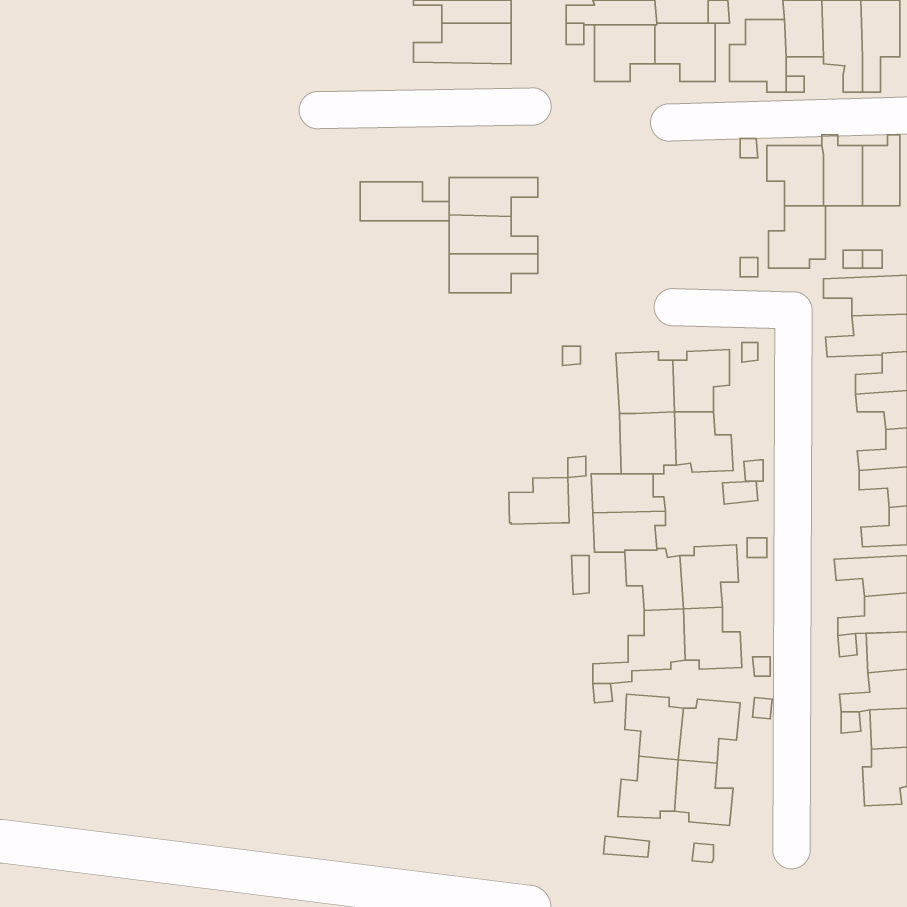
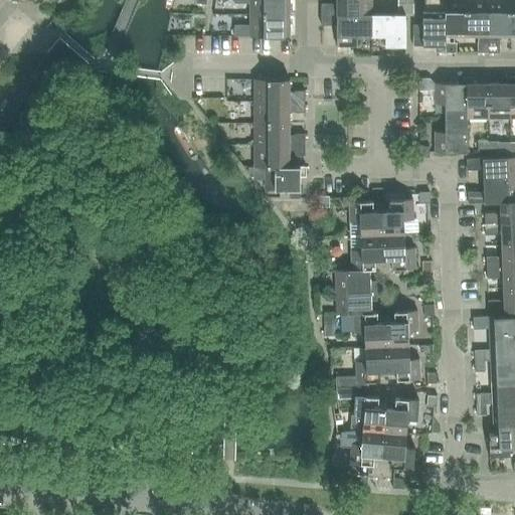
building: [360,182,449,221] -> [254,78,305,101]
building: none -> [266,165,307,198]
building: [509,477,569,524] -> none

